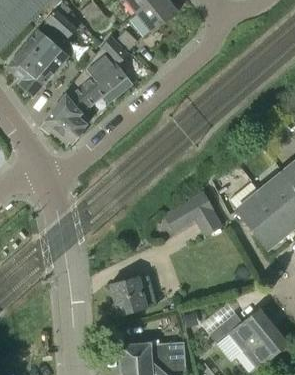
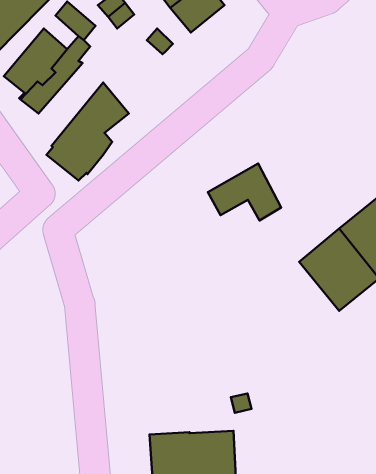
building: [83,37,131,102] -> none
building: [165,189,222,233] -> [208,164,281,220]
building: [110,274,155,315] -> none
building: [209,308,287,367] -> none

